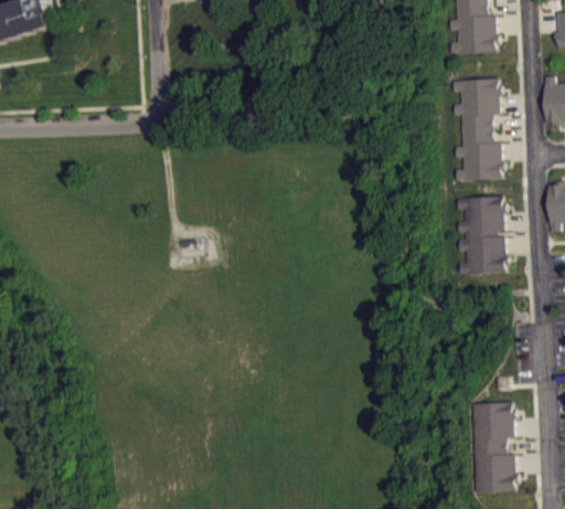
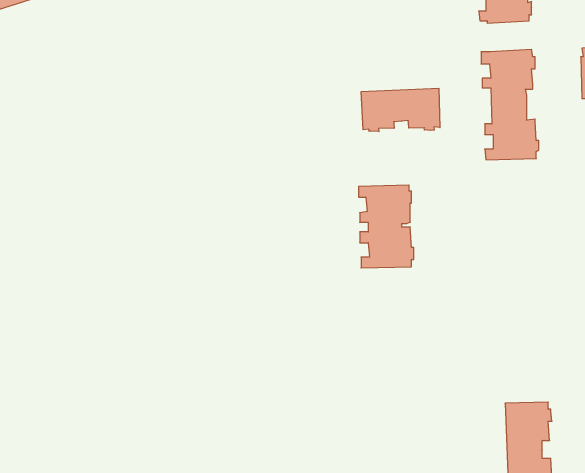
building: none -> [361,88,440,132]
building: [456,197,507,273] -> [359,185,414,268]

